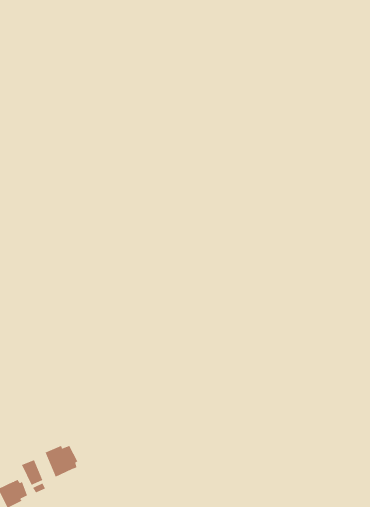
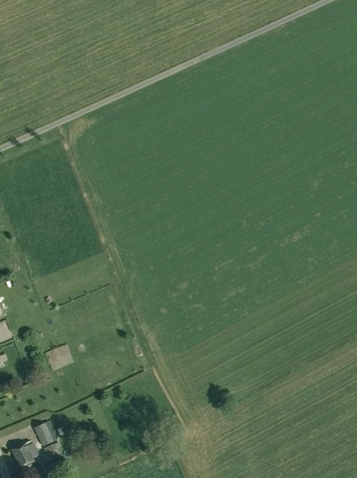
building: [45,445,78,478] -> none

